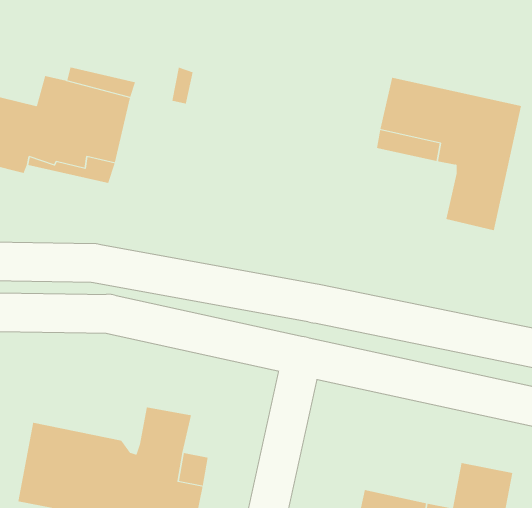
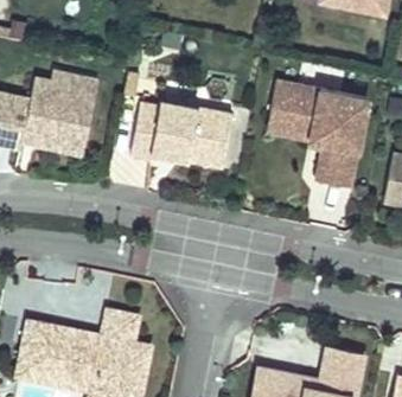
building: none -> [130,100,232,164]

